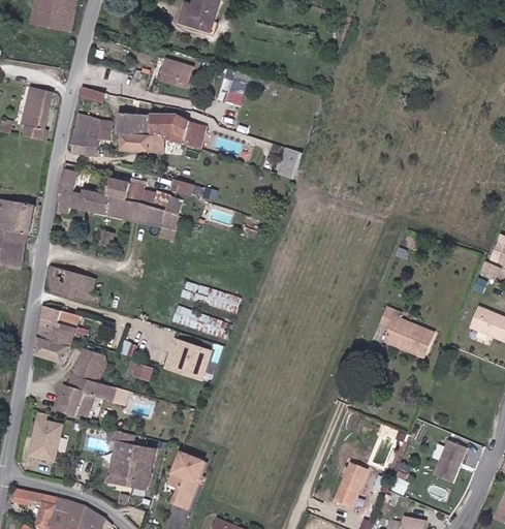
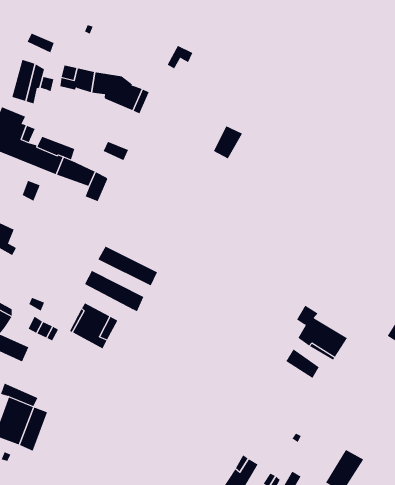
building: [160,60,192,88] -> none
building: [120,133,163,153] -> none
building: [108,178,182,215] -> none
building: none -> [285,349,320,379]
building: [172,452,207,508] -> none

